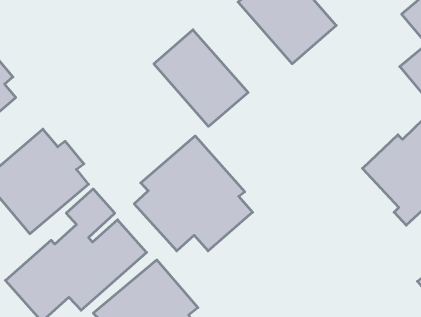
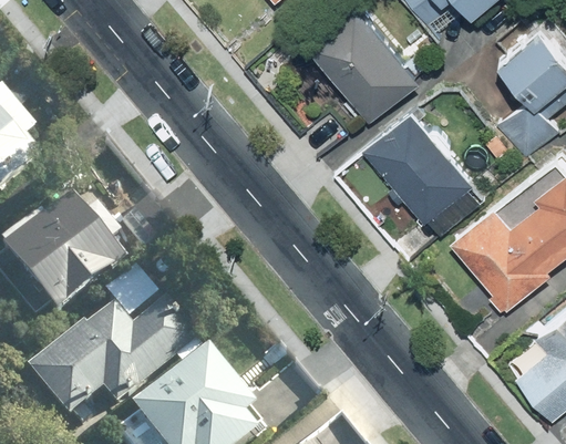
building: [154,30,248,126] -> none
building: none -> [361,104,482,233]
building: [134,136,253,251] -> none

